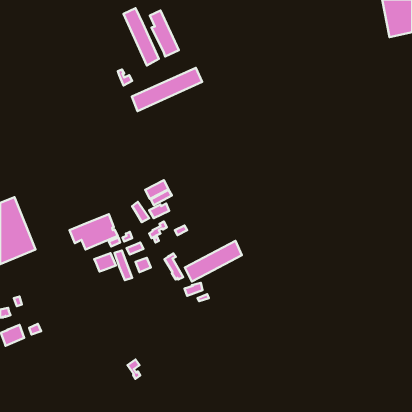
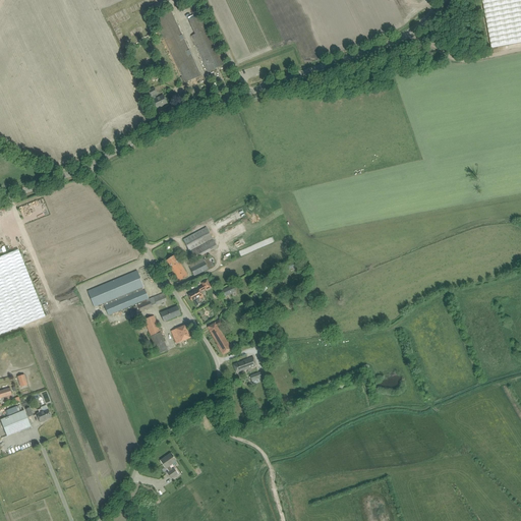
building: [132,68,202,111] -> none
building: [185,241,242,281] -> none
building: [94,253,116,272] -> none

